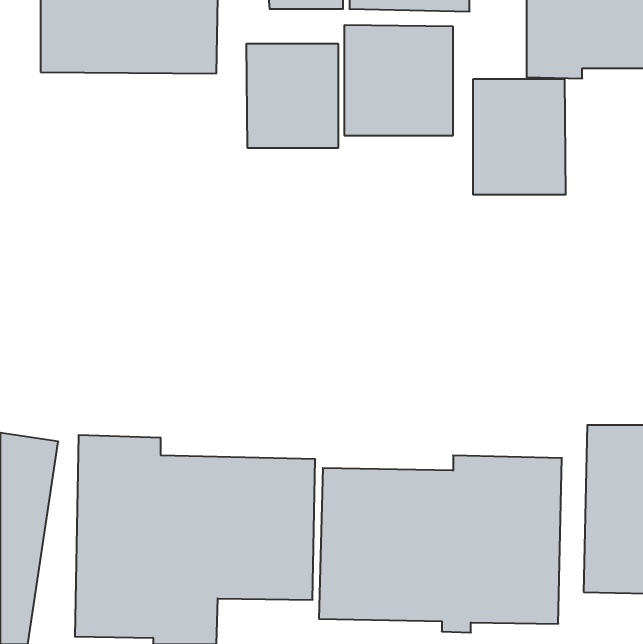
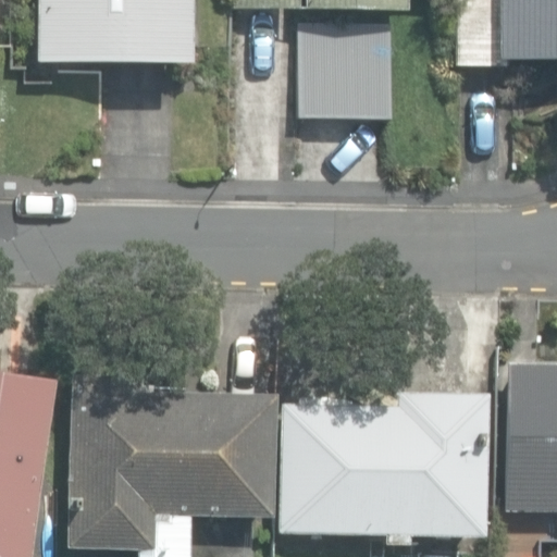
building: [247,44,338,148] -> none
building: [473,79,566,195] -> none

